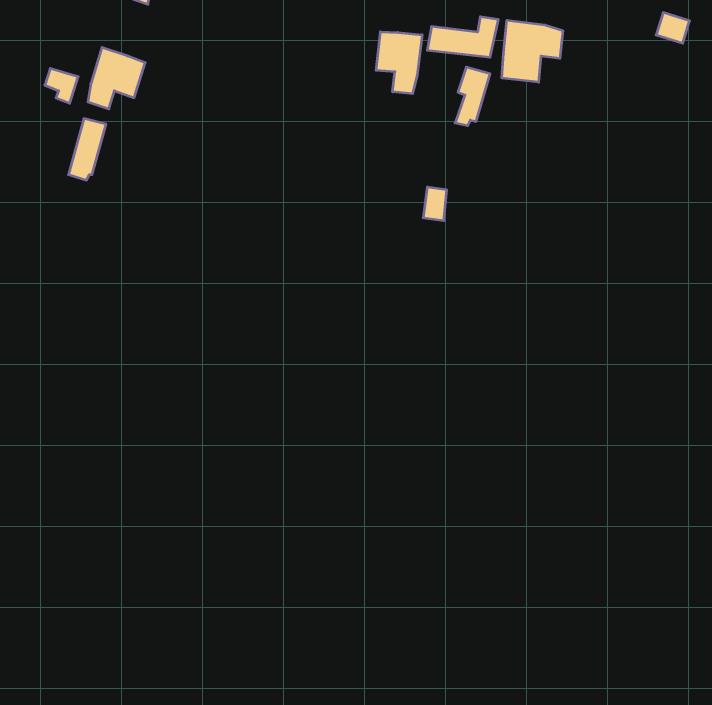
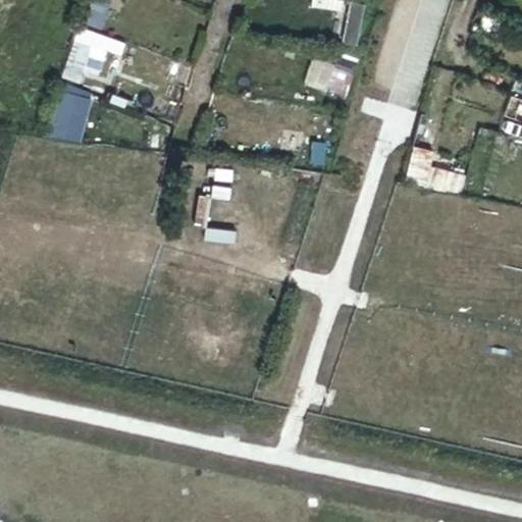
building: [502,20,563,82] -> none
building: [376,32,422,94] -> none

